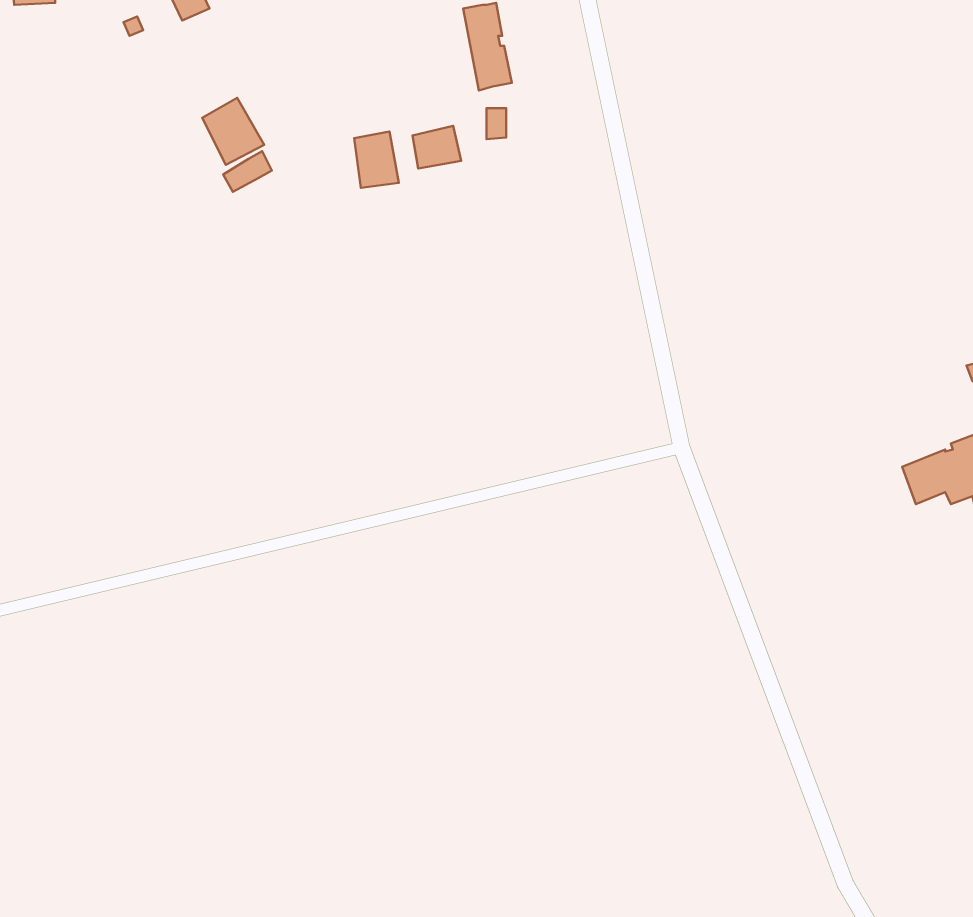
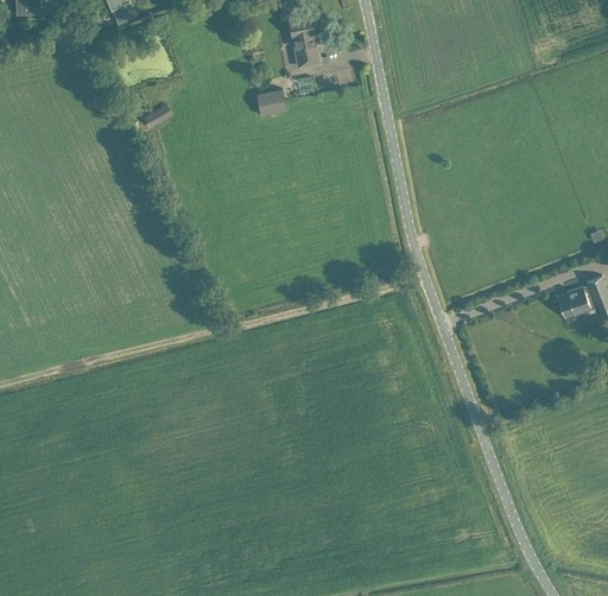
building: [202,98,264,165] -> none
building: [354,132,399,188] -> none

